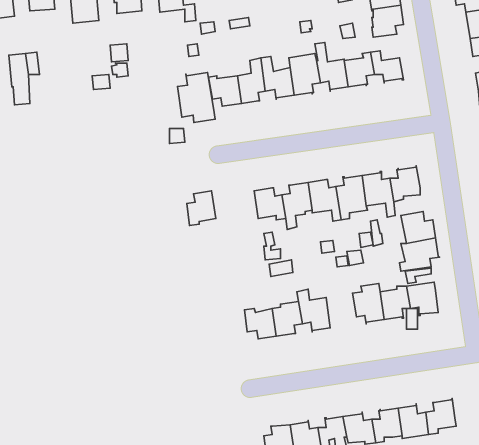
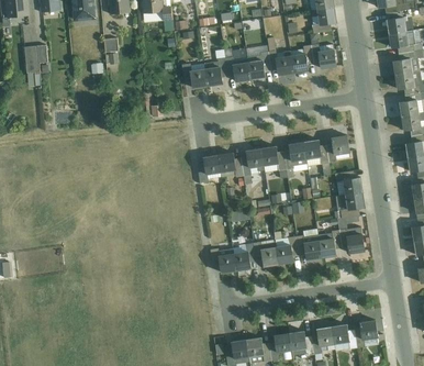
building: [178,72,215,123] -> none
building: [187,191,216,226] -> [198,154,221,181]
building: none -> [275,235,299,263]

